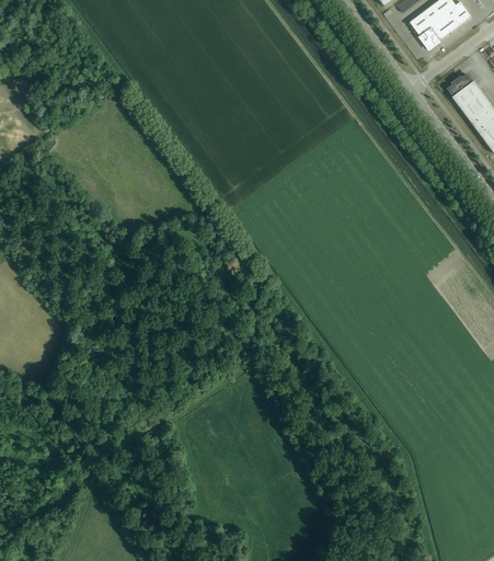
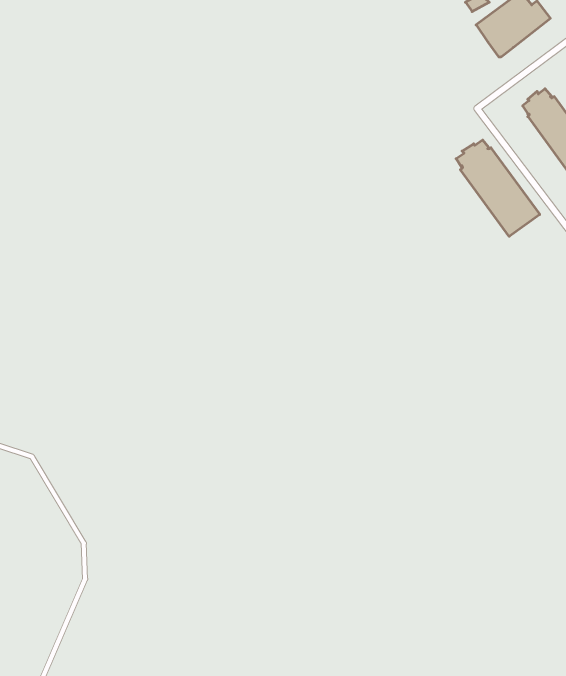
building: none -> [456,140,540,236]

